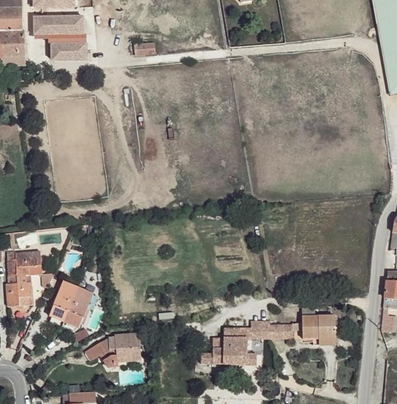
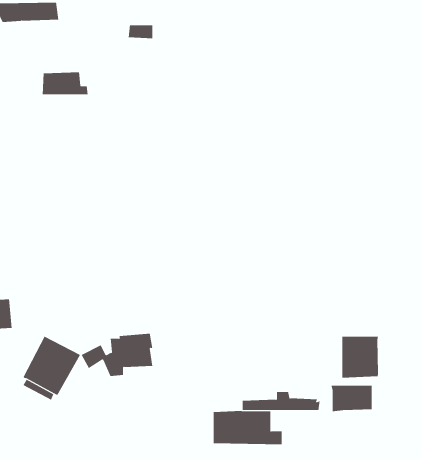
building: [51,42,88,60] -> [42,72,89,95]
building: none -> [342,336,379,379]
building: [85,332,142,366] -> [81,333,153,376]

